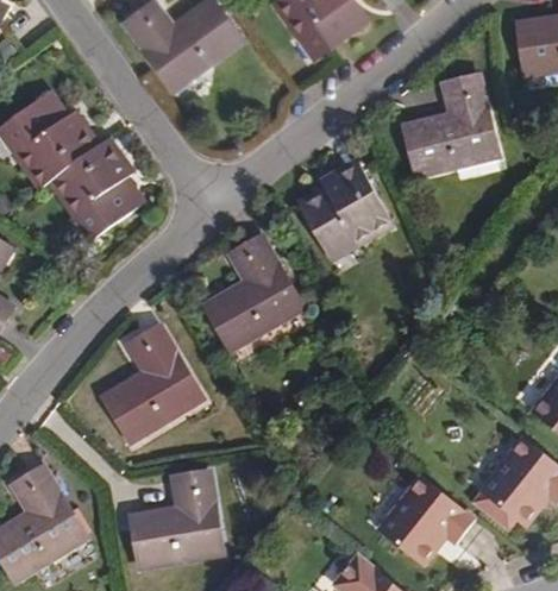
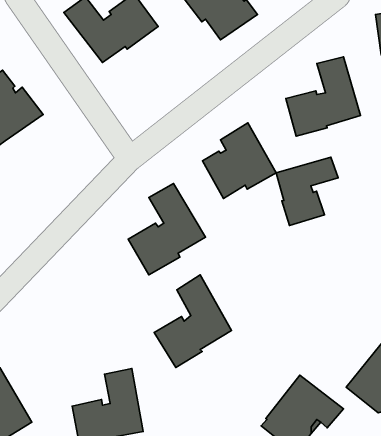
building: [50,140,144,237] -> none
building: none -> [276,157,338,226]
building: [102,325,200,441] -> [154,275,231,367]

